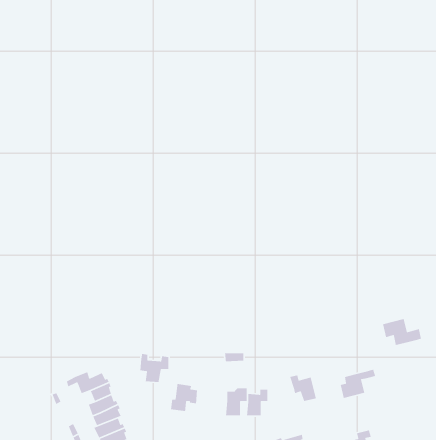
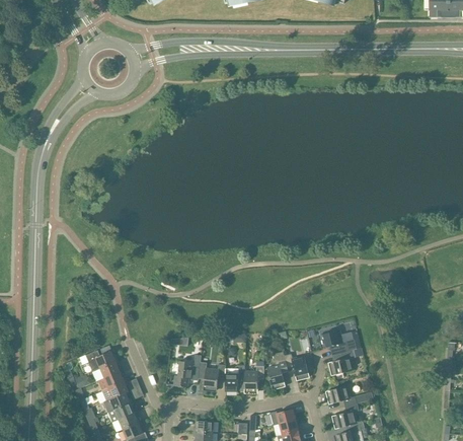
building: [382,318,422,346] -> [319,329,356,355]
building: [139,353,169,383] -> [198,362,225,389]
building: none -> [266,351,288,387]
building: none -> [327,385,357,407]

